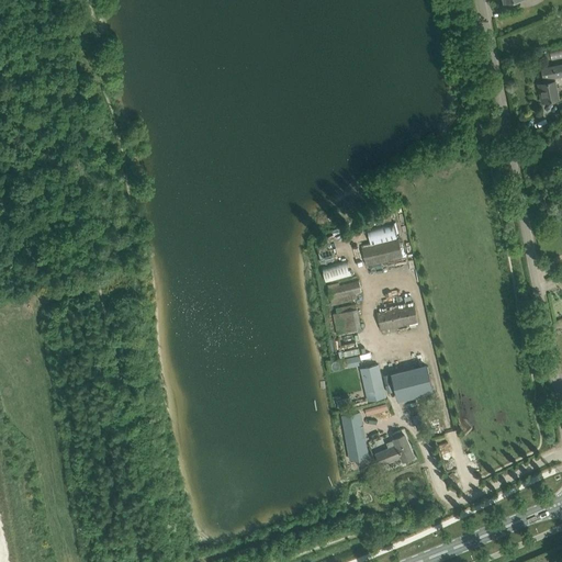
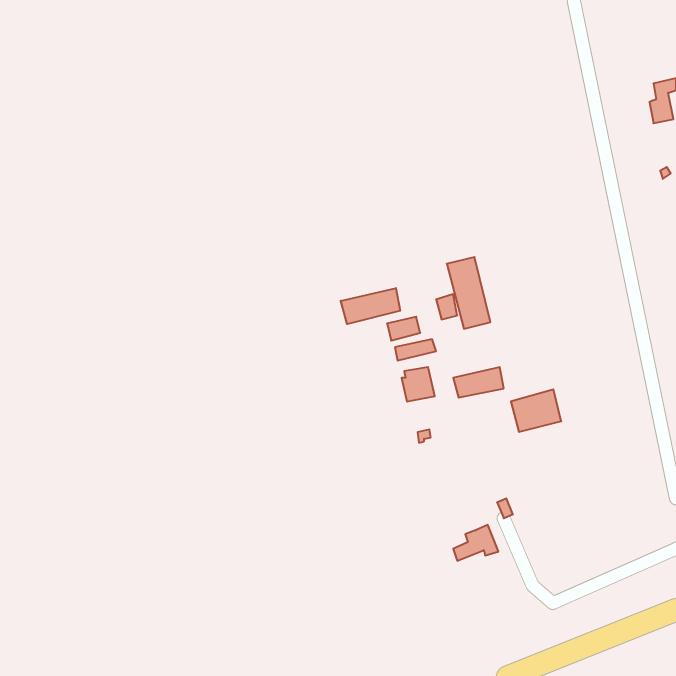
building: none -> [341,288,400,324]
building: [360,366,384,402] -> none
building: [391,366,432,401] -> [511,389,561,432]
building: [340,413,367,460] -> none

